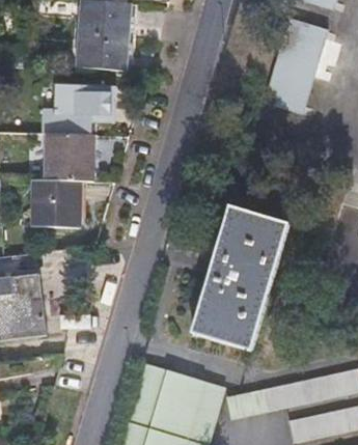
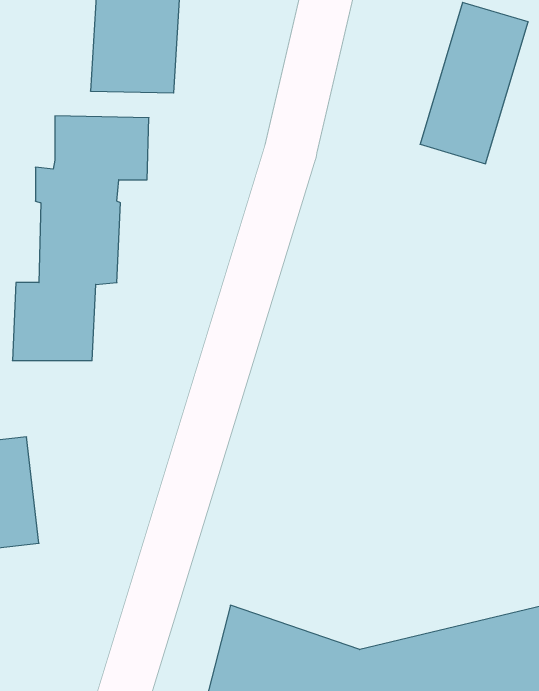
building: [191,204,290,351] -> none

